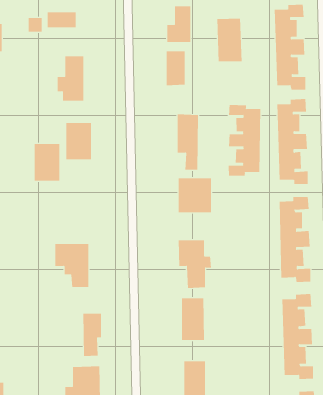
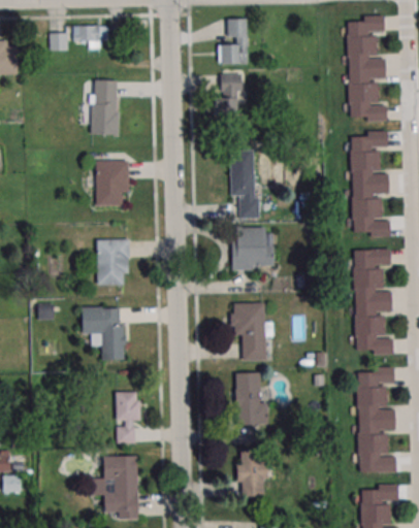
building: [217,18,242,62] -> none
building: [228,104,261,177] -> none
building: [34,144,60,181] -> [97,239,129,285]

